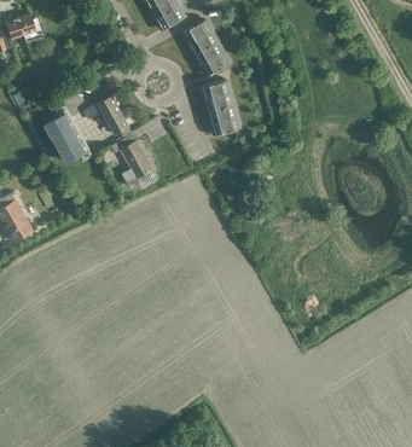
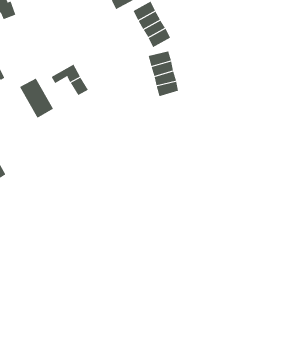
building: [111,138,152,179] -> none

